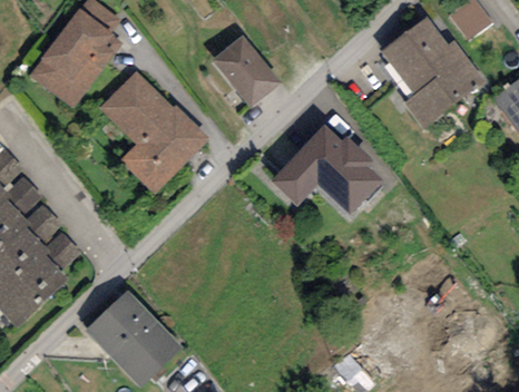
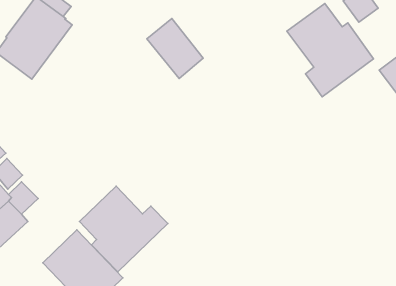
building: [98,70,209,194] -> none
building: [271,124,383,213] -> none
building: none -> [80,186,168,272]

